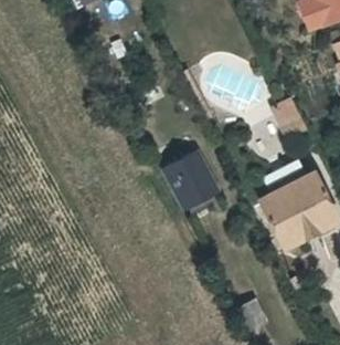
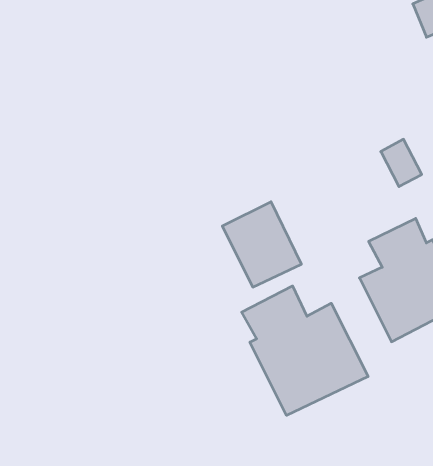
building: none -> [242,286,368,415]

